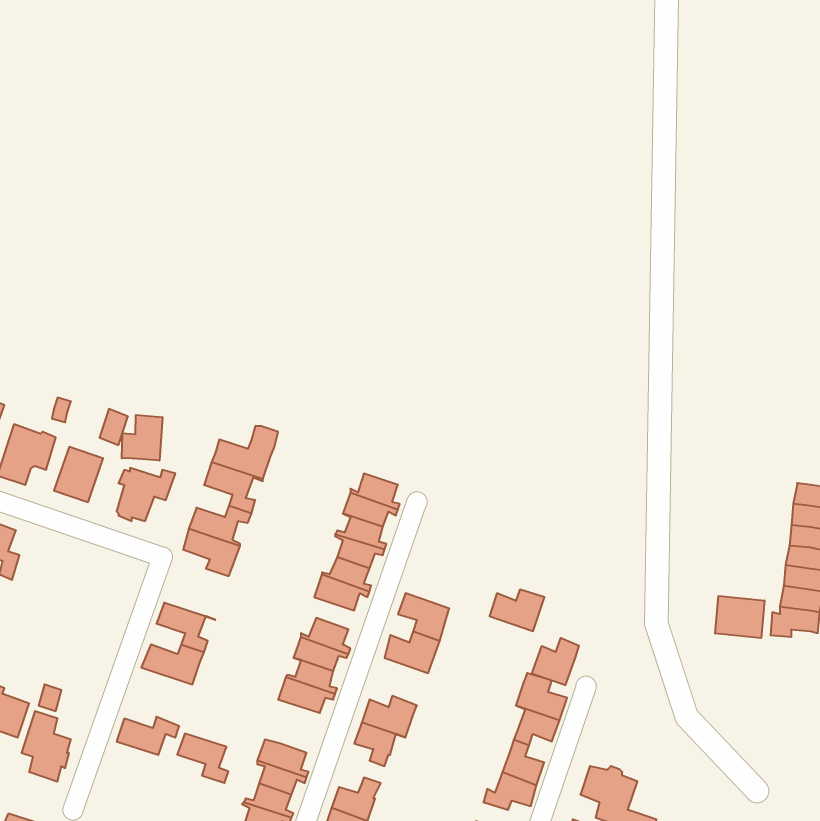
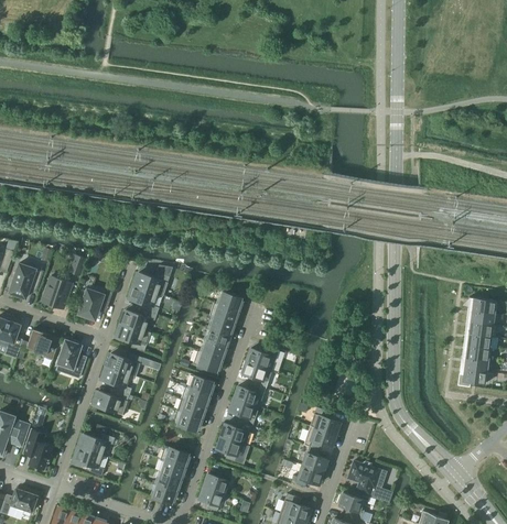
building: [122,415,162,461] -> none
building: none -> [26,328,58,360]
building: none -> [57,340,85,378]
building: none -> [106,352,142,376]
building: [489,590,544,631] -> [246,346,278,370]
building: [715,596,765,638] -> none
building: [532,638,579,685] -> none
building: none -> [229,399,259,426]
building: [177,734,228,783] -> [74,447,104,476]

